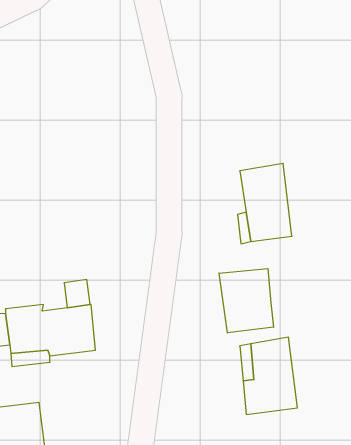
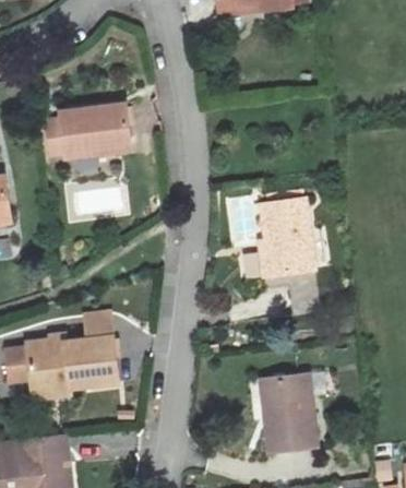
building: none -> [61,107,131,160]
building: [219,269,273,333] -> none

